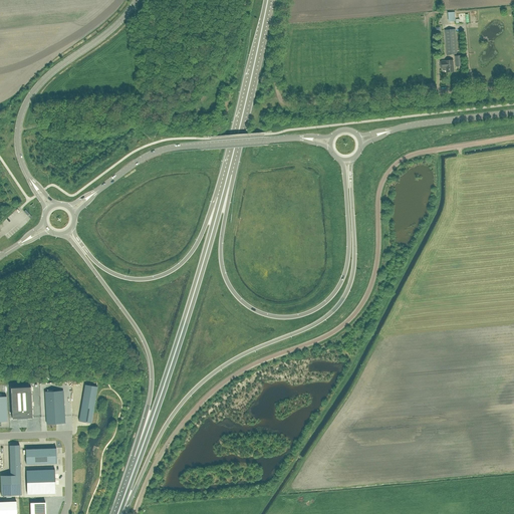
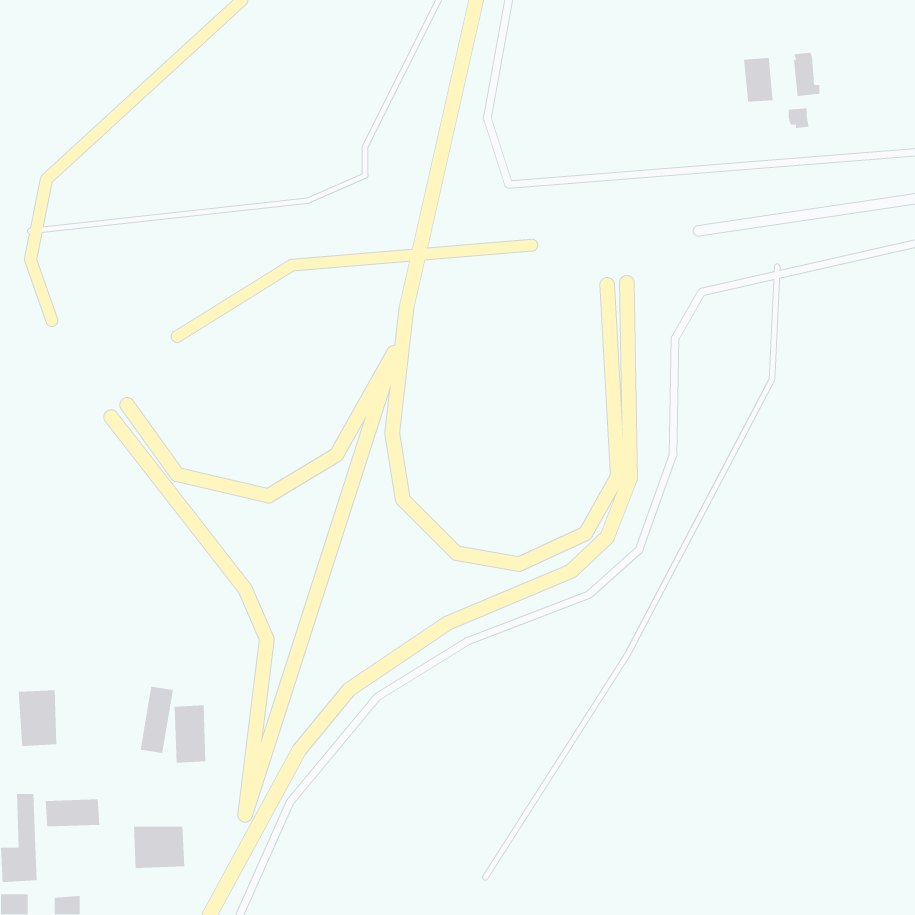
building: none -> [743,57,774,103]
building: [45,391,63,424] -> [174,704,206,764]
building: [26,470,55,494] -> [133,826,185,869]

